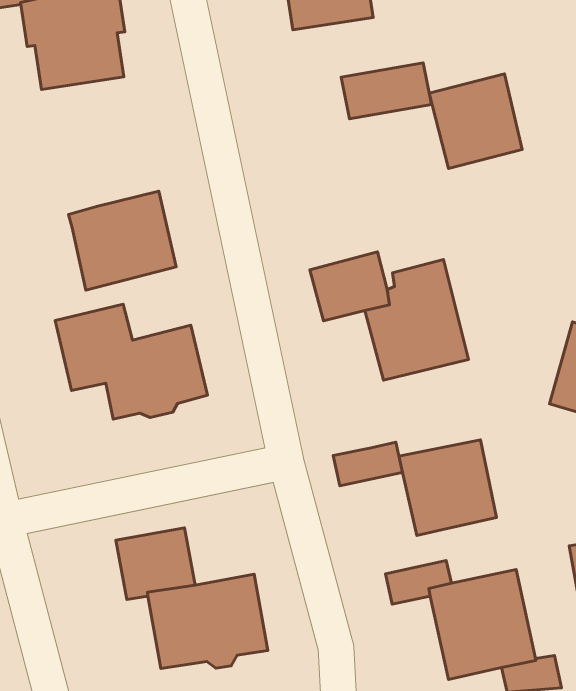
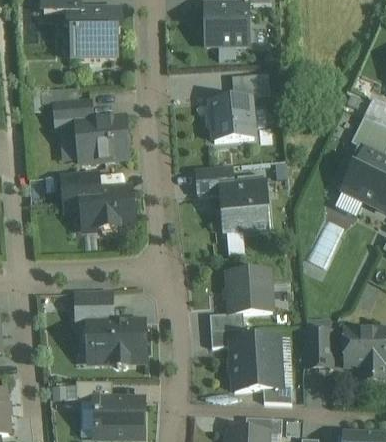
building: [429,74,522,169] -> [210,97,253,141]
building: none -> [54,100,91,131]
building: [333,442,402,486] -> [209,312,243,330]

